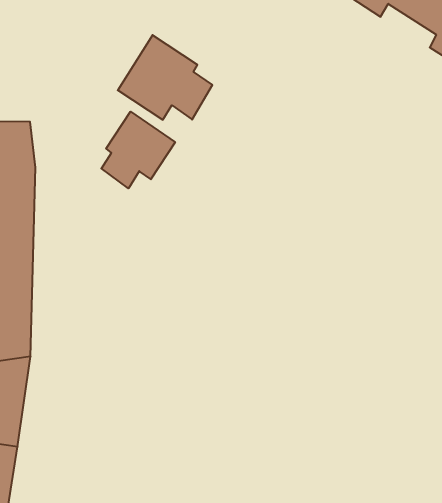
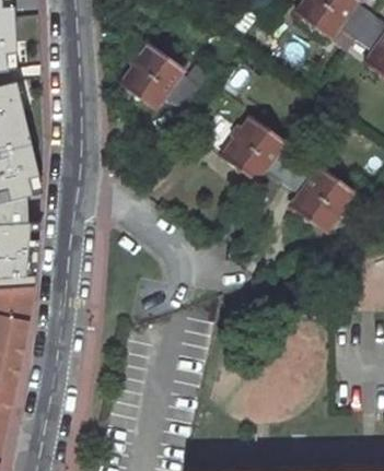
building: [101,112,175,188] -> none
building: none -> [218,117,352,234]

